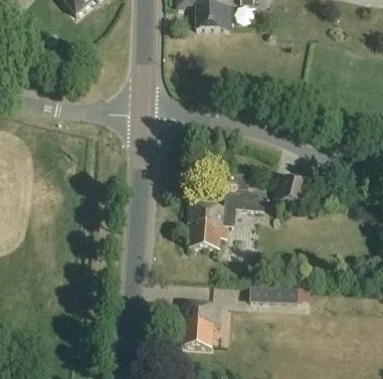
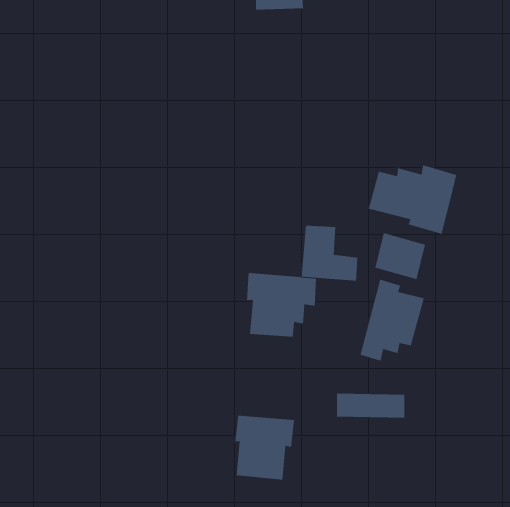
building: none -> [368,165,457,235]
building: none -> [360,279,425,361]

